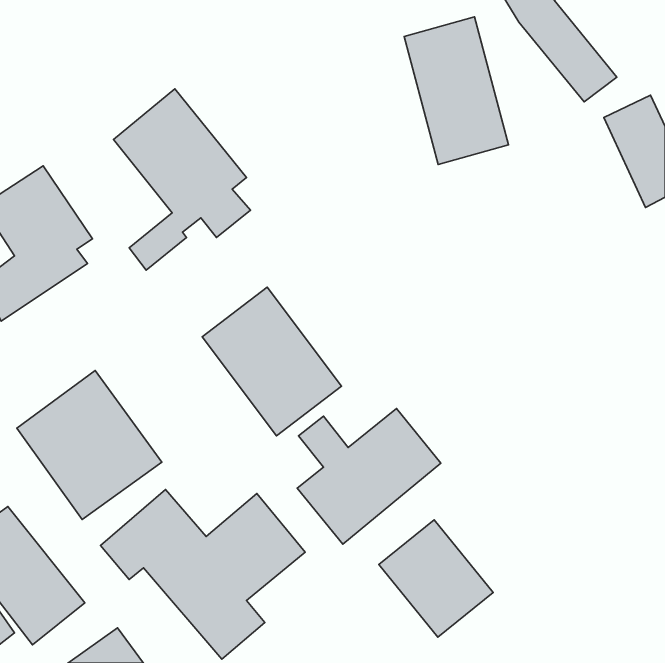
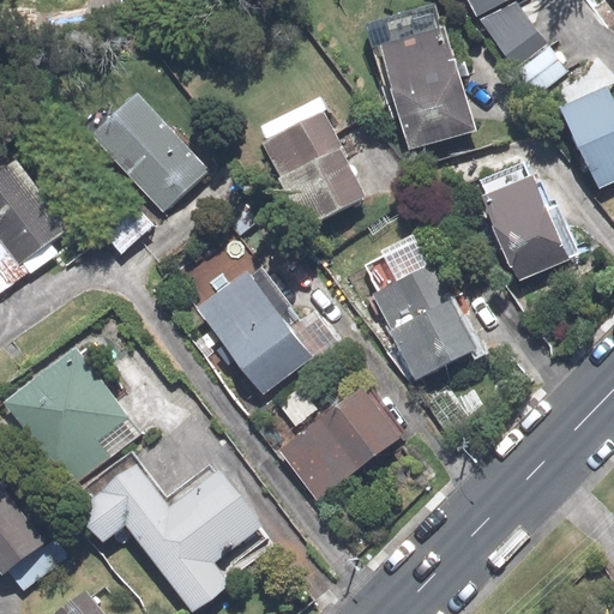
building: none -> [254,106,361,234]
building: none -> [471,175,565,285]
building: none -> [355,236,474,383]
building: [379,520,493,637] -> none

